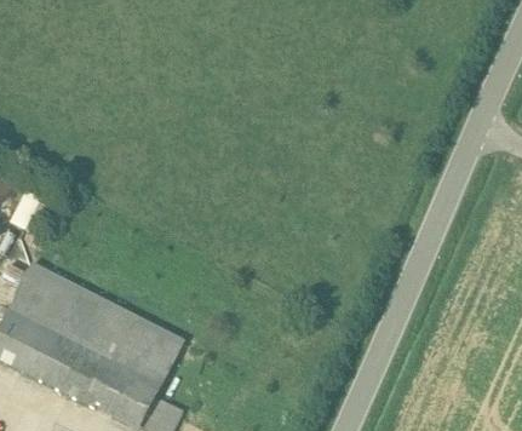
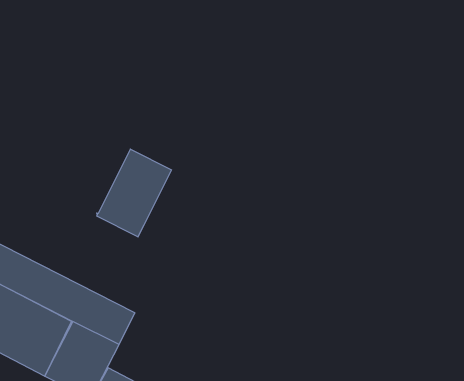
building: none -> [97,149,171,237]

